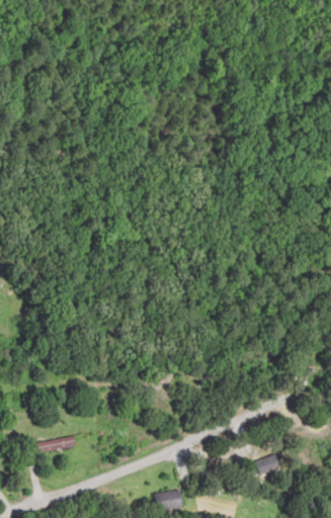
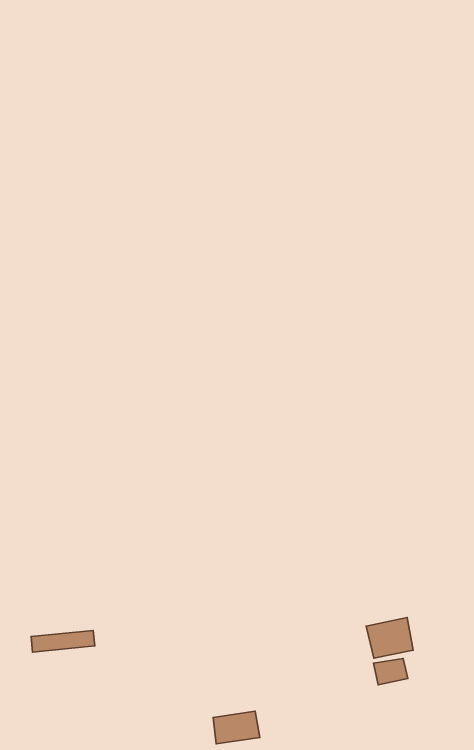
building: none -> [366,617,413,658]

